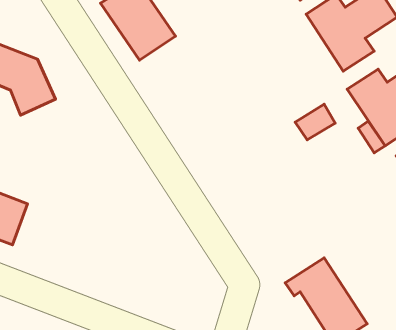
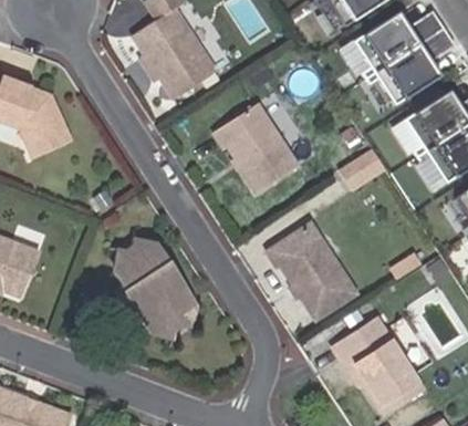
building: none -> [211,100,295,188]
building: none -> [266,218,350,315]
building: none -> [118,245,190,335]

